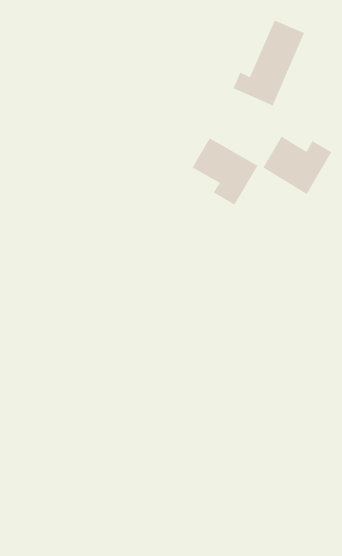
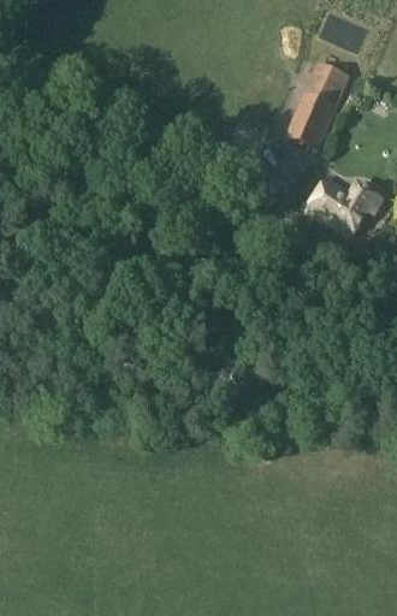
building: [192,138,258,205] -> none

